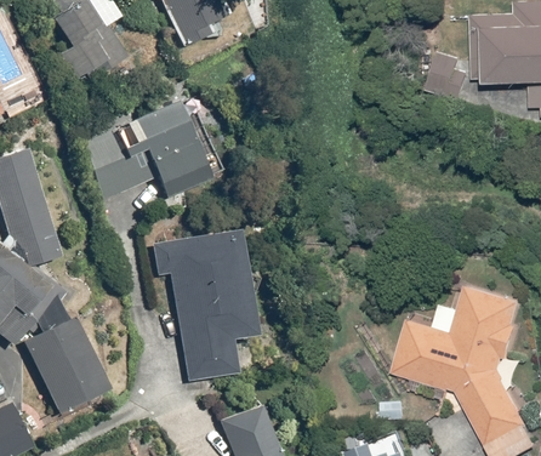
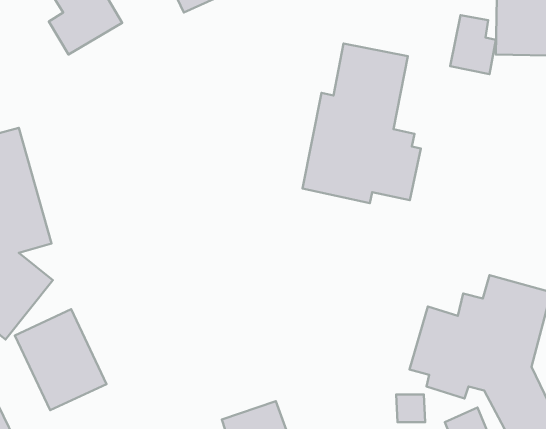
building: none -> [302,43,421,203]
building: [84,102,210,195] -> none
building: [152,228,260,378] -> none

